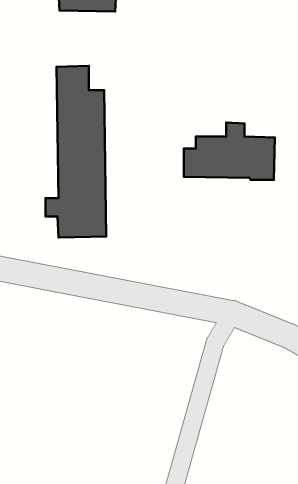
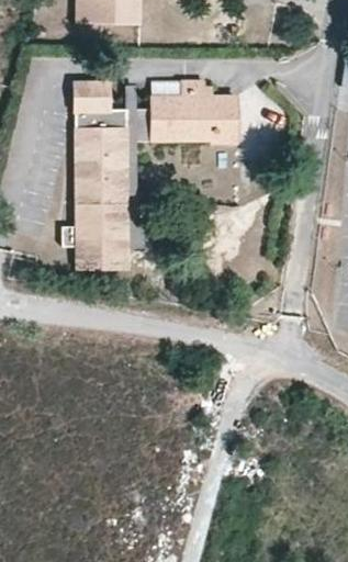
building: [184,122,275,180] -> [137,80,236,143]

